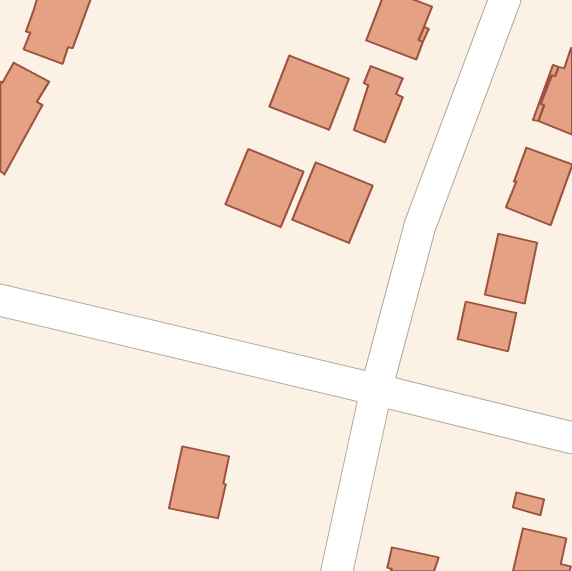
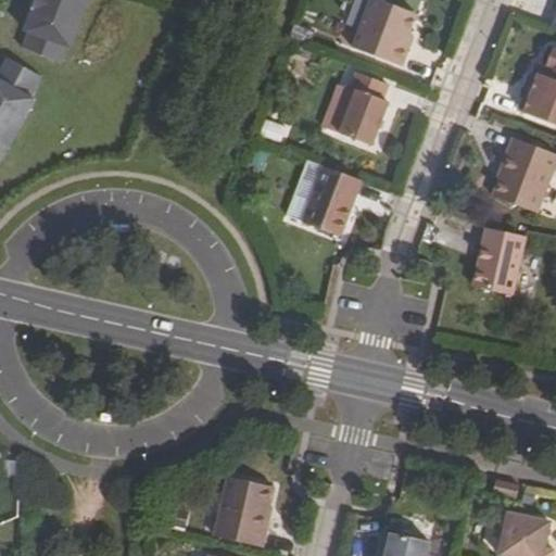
building: [269,55,349,130] -> none
building: [226,149,303,227] -> none
building: [458,302,516,351] -> none
building: [169,447,229,518] -> [214,477,273,546]

